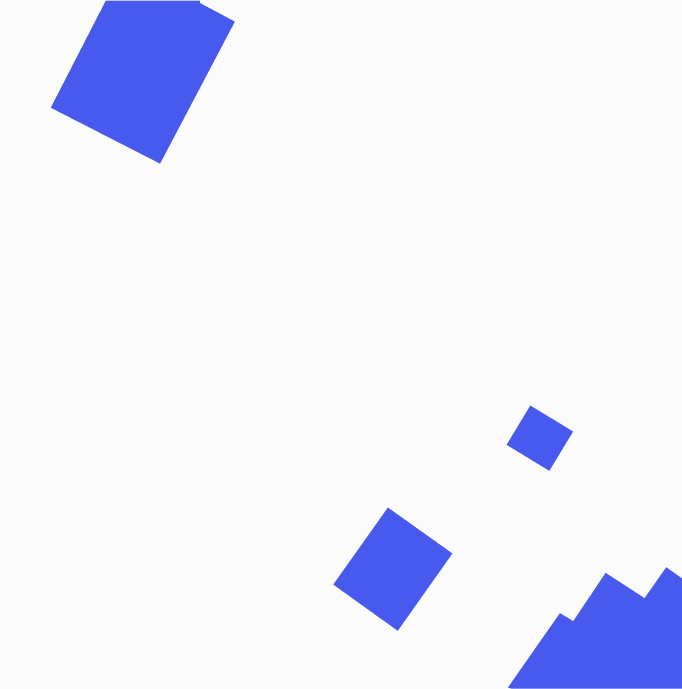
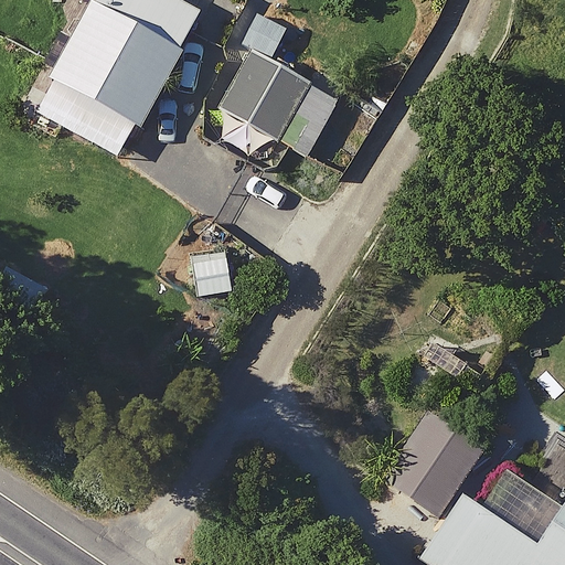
building: none -> [216,21,334,156]
building: [332,506,454,632] -> [381,417,480,520]

